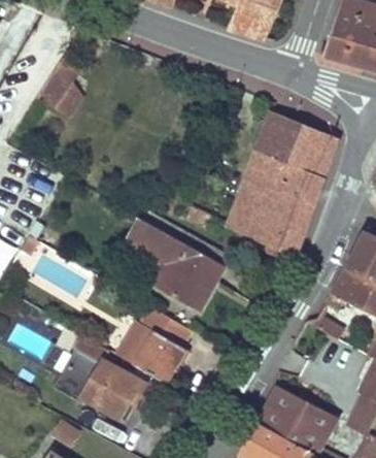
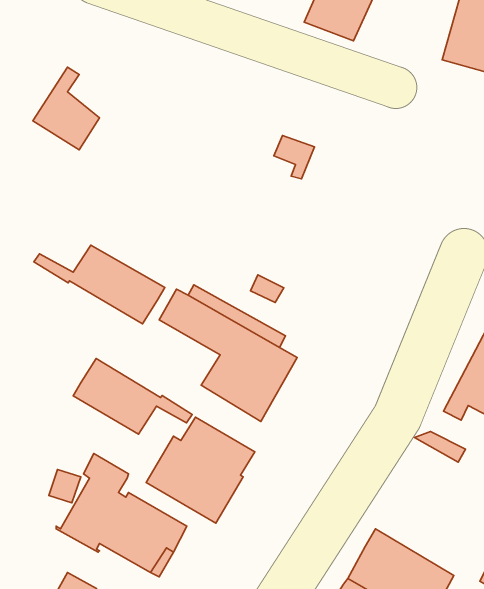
building: [226,111,339,254] -> none
building: none -> [34,245,165,324]
building: none -> [73,359,192,434]

